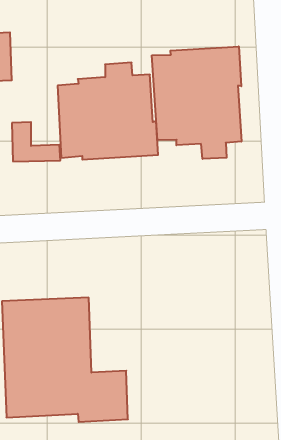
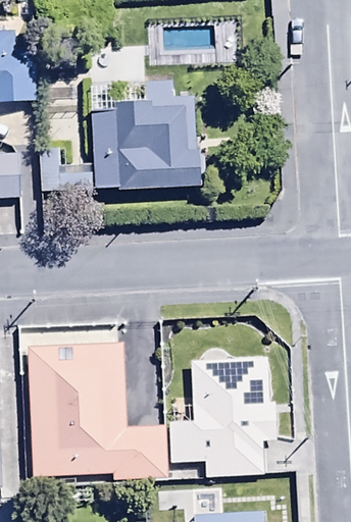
building: [152,46,241,159] -> none
building: none -> [168,359,275,489]

